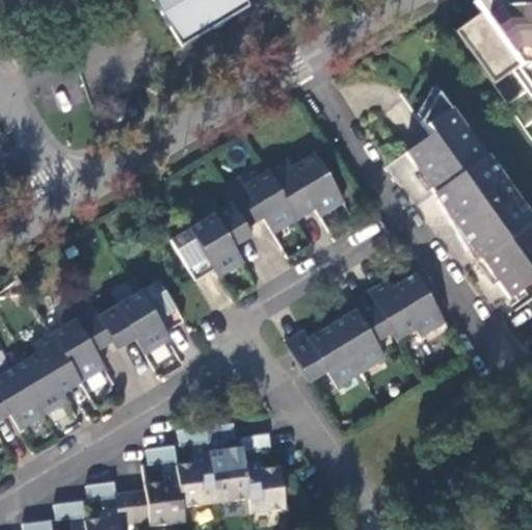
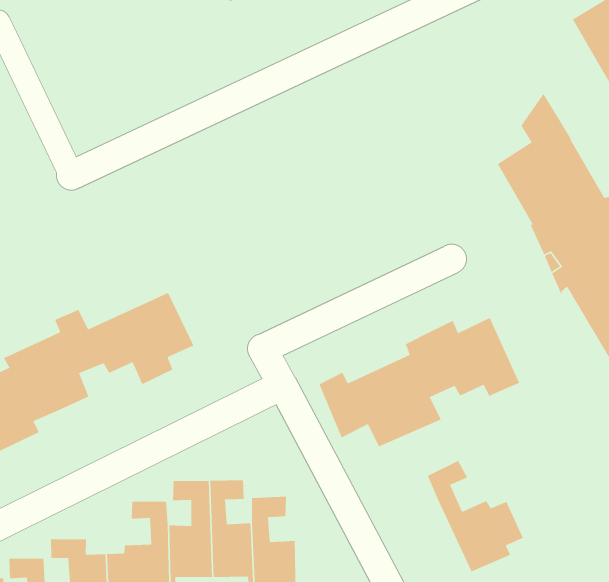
building: [171,155,343,281] -> none
building: none -> [427,460,524,573]

